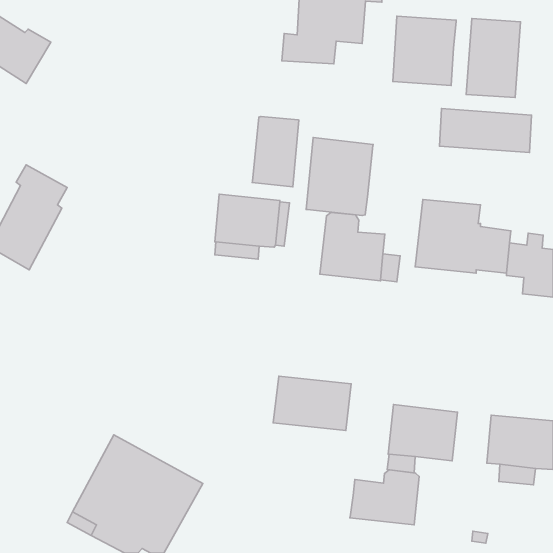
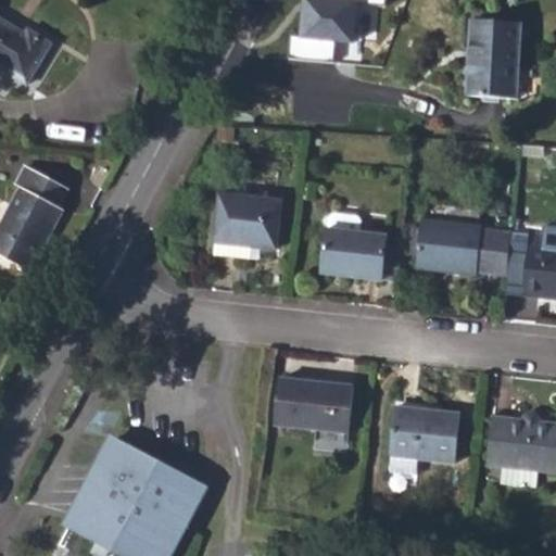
building: [393,16,456,86] -> none
building: [440,109,531,153] -> none
building: [252,116,299,187] -> none
building: [306,138,373,215] -> none
building: [350,470,419,525] -> none

